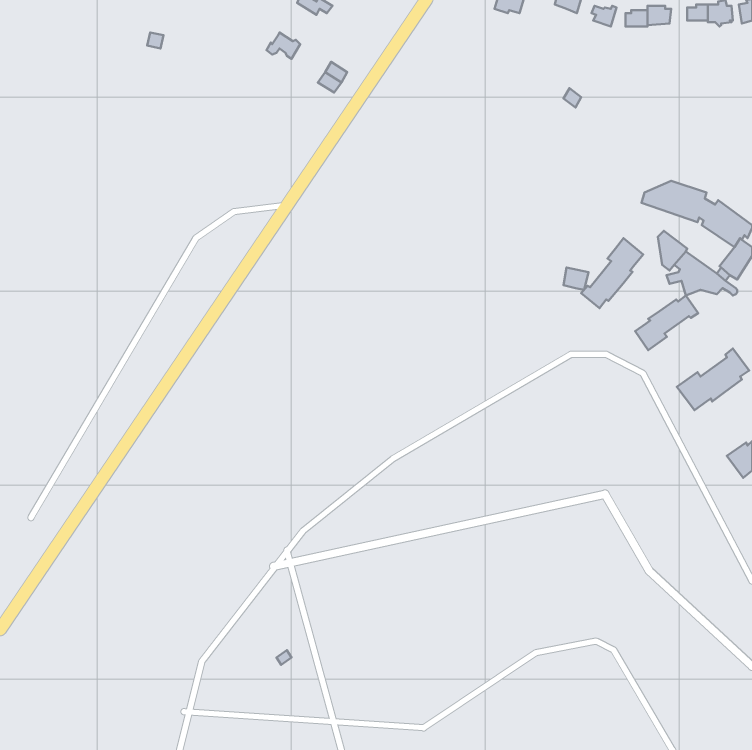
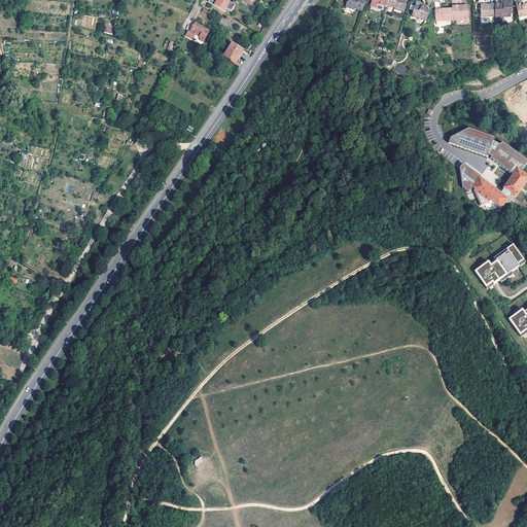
building: [581,238,643,308] -> none
building: [635,296,698,350] -> none

